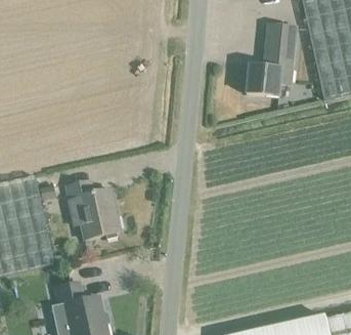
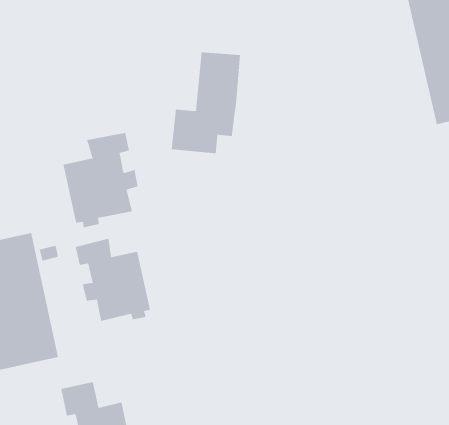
building: [247,23,297,95] -> [171,52,241,154]
building: none -> [63,132,138,228]

